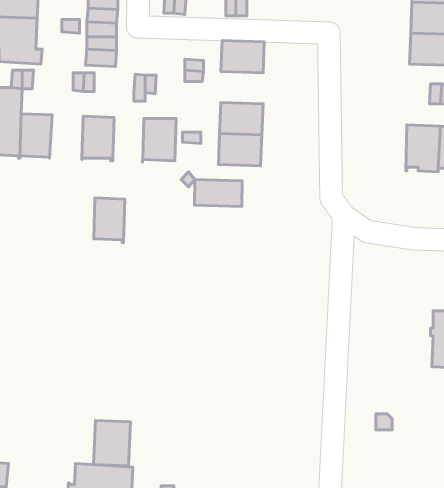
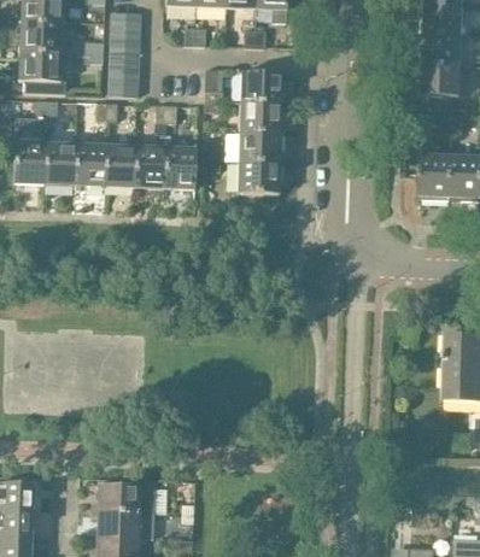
building: none -> [240,101,281,133]
building: none -> [74,143,106,187]
building: [194,179,242,207] -> none
building: [94,198,125,242] -> [135,146,165,189]
building: [94,421,131,466] -> none

